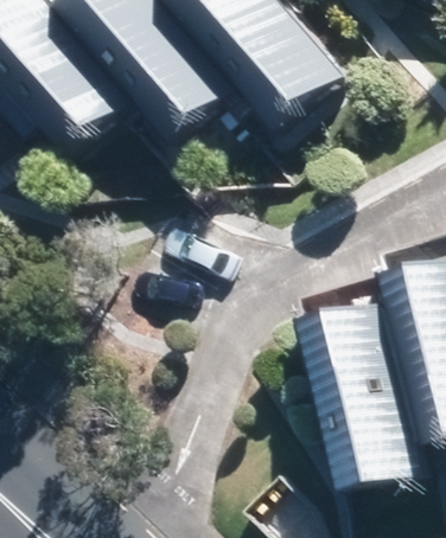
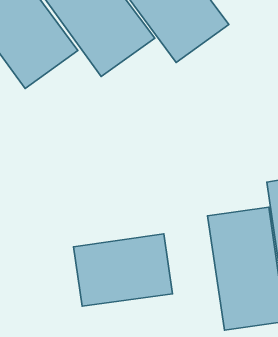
building: none -> [74,234,173,306]

